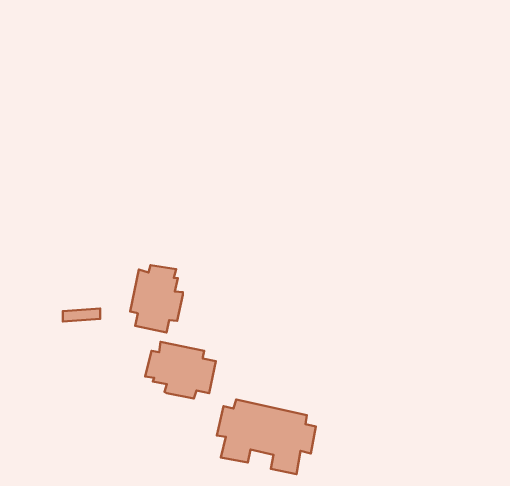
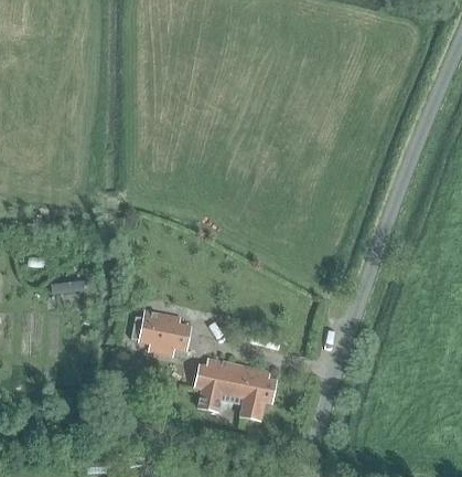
building: [130,265,183,332] -> none

